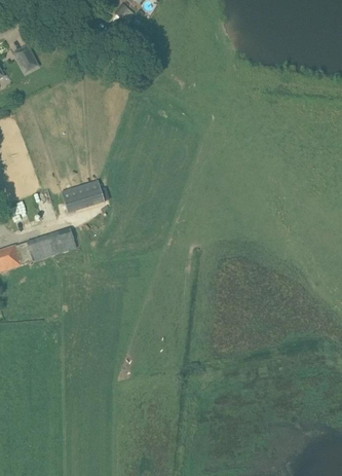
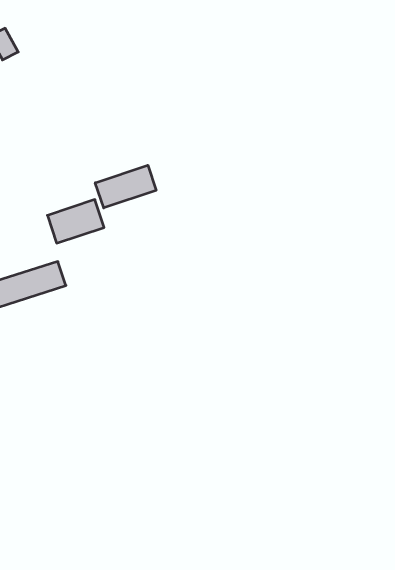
building: none -> [95,165,156,208]

